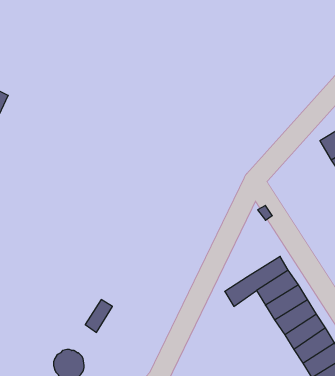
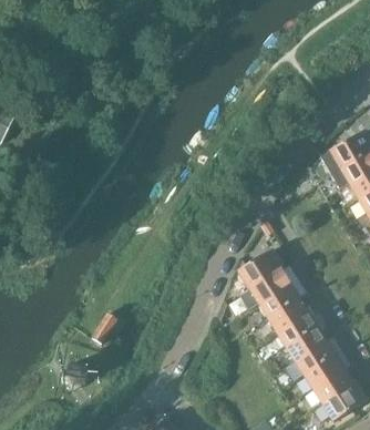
building: none -> [238,249,284,289]

